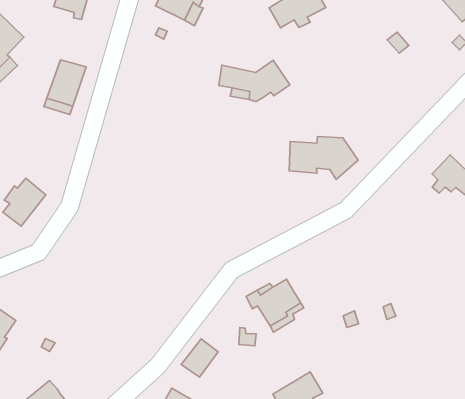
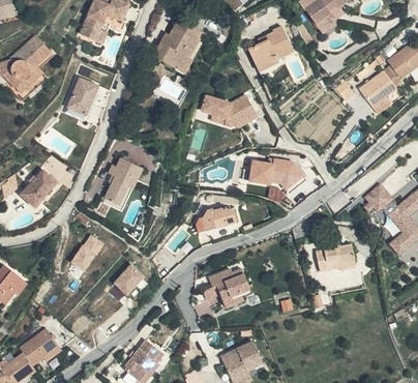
building: none -> [354,70,392,106]
building: none -> [100,160,141,214]
building: none -> [195,208,234,234]
building: none -> [317,245,355,269]
building: none -> [72,234,103,269]
building: [181,339,218,377] -> [115,263,145,293]

